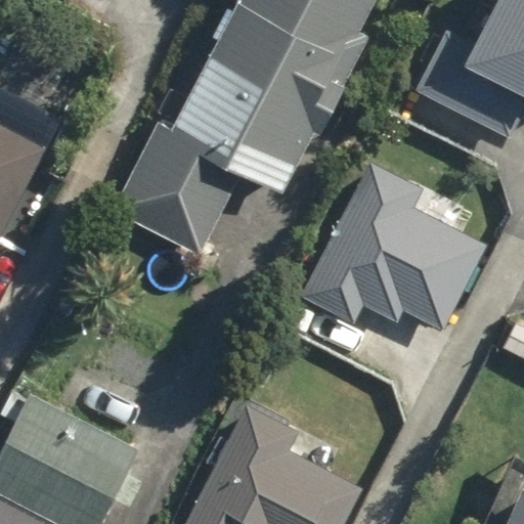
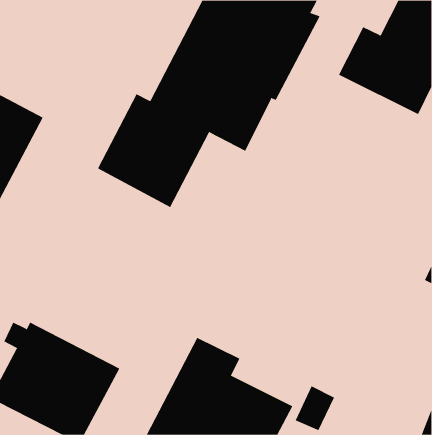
building: [293,162,476,331] -> none

